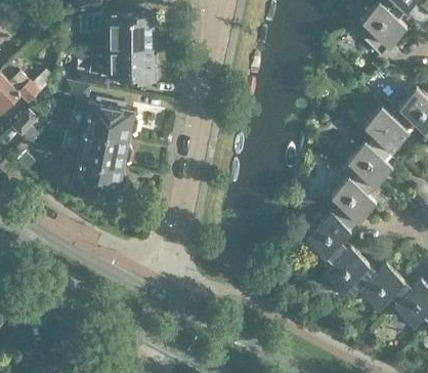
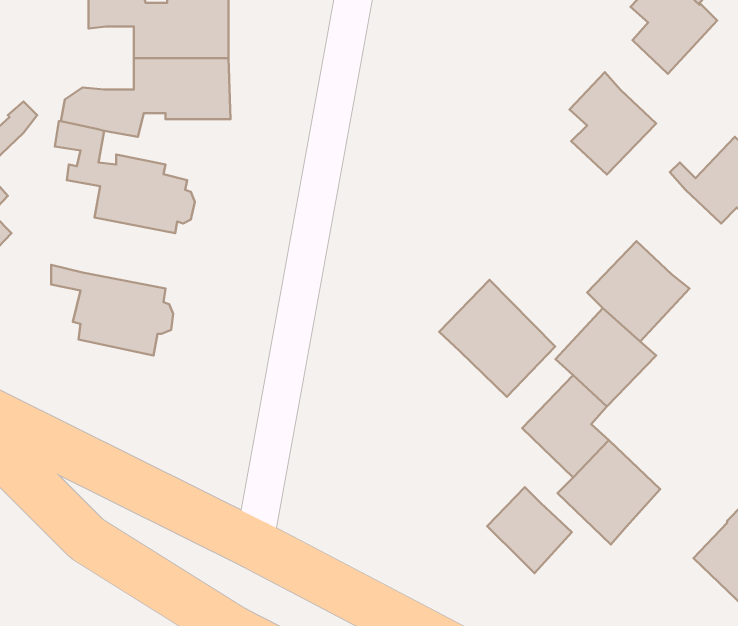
building: [363,107,409,160] -> [569,72,656,175]
building: [62,126,130,167] -> none
building: none -> [439,280,555,397]
building: [359,263,412,308] -> none
building: none -> [487,487,572,573]

